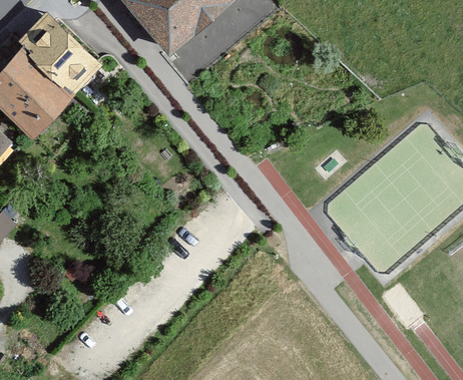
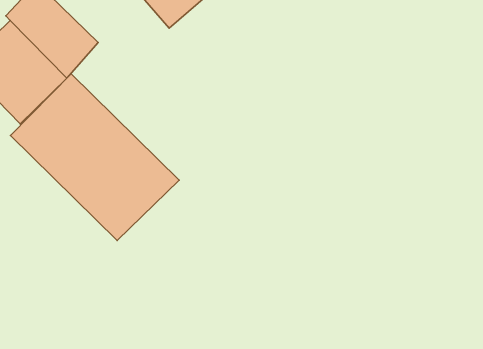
building: none -> [10,74,179,240]

